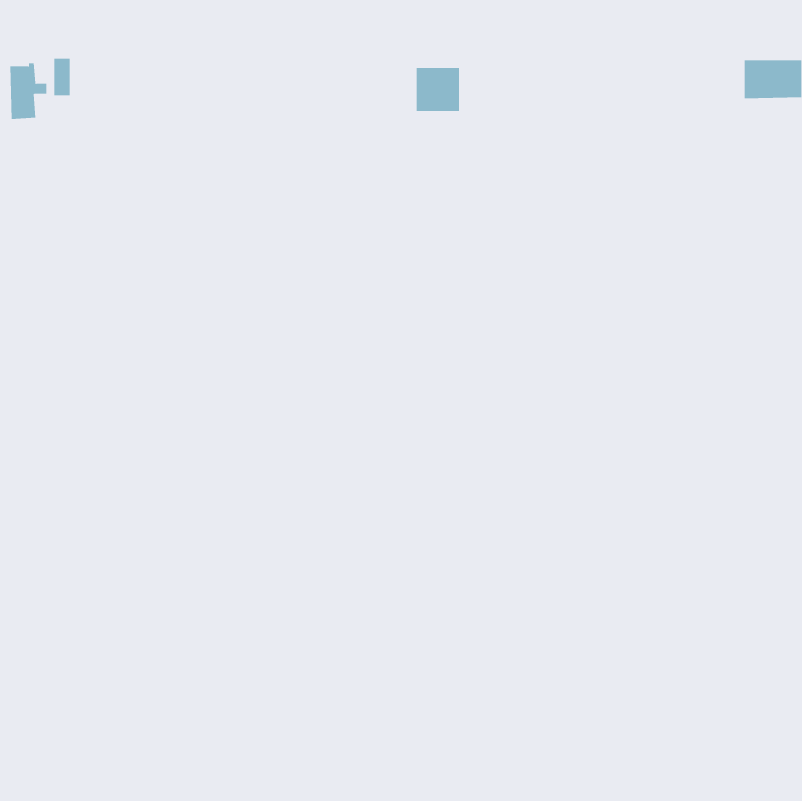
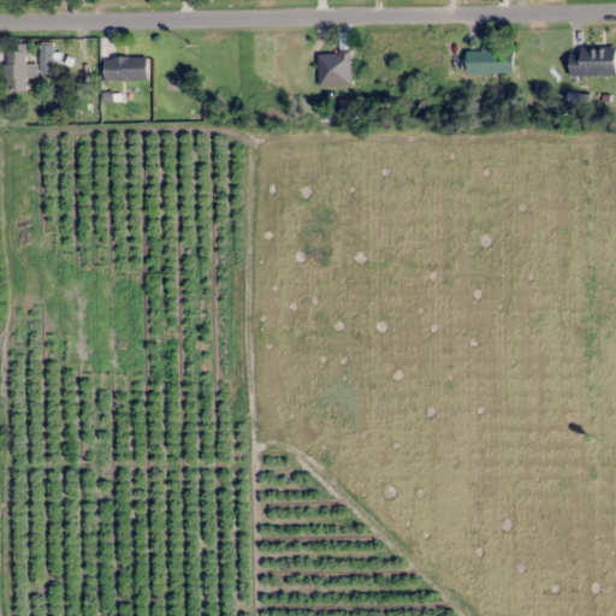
building: none -> [467,51,514,75]
building: none -> [105,58,147,81]

